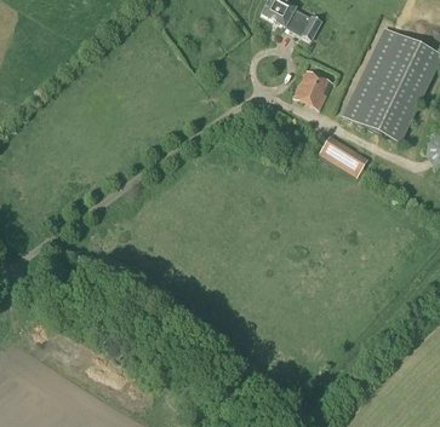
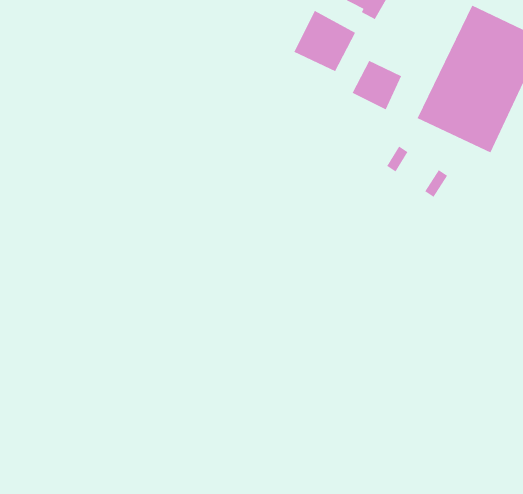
building: none -> [293,10,356,72]

